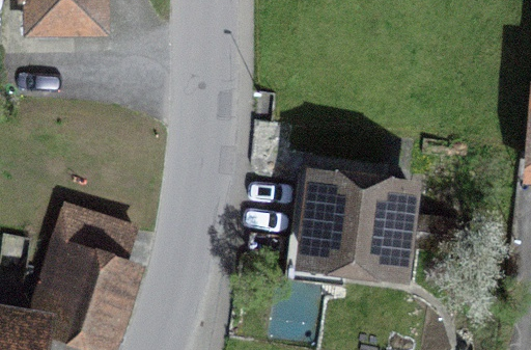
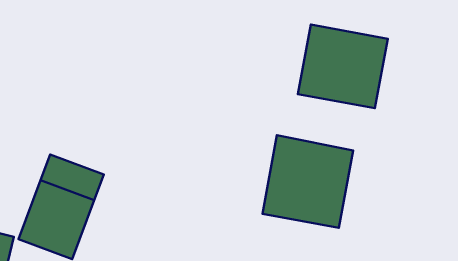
building: none -> [298,25,388,108]

